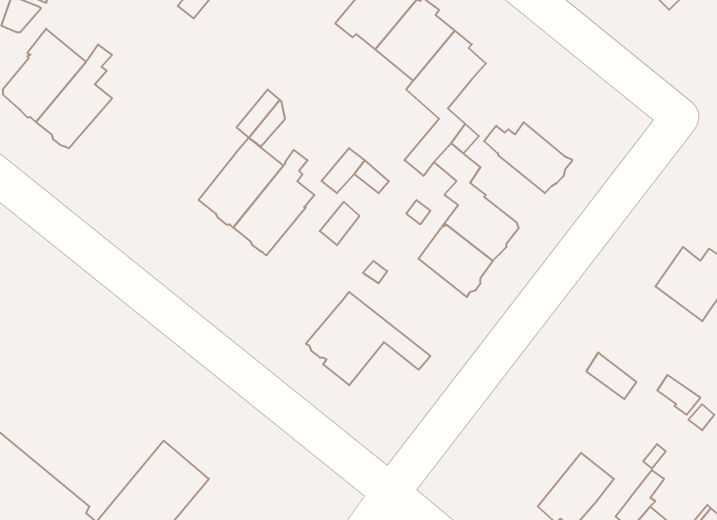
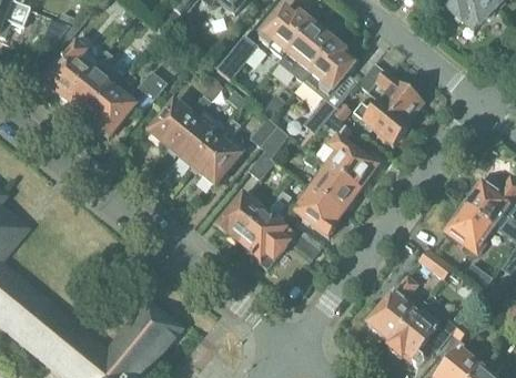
building: none -> [217,34,259,80]
building: none -> [357,62,423,122]
building: none -> [88,76,168,137]
building: none -> [149,100,196,150]
building: none -> [294,187,343,236]
building: none -> [215,194,267,242]
building: none -> [446,205,494,251]
building: none -> [367,275,416,346]

